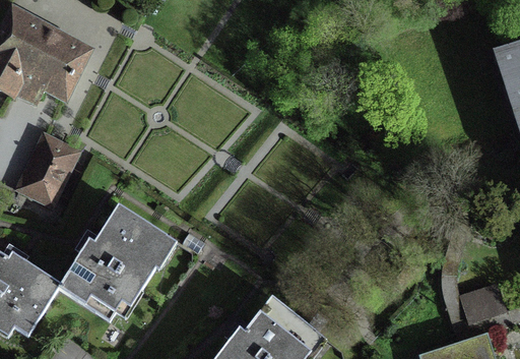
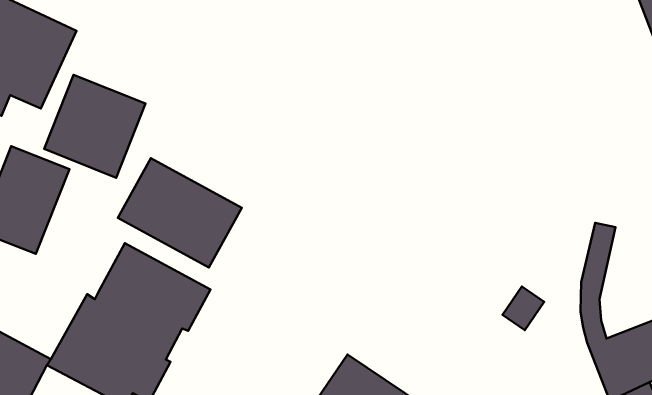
building: none -> [44,75,146,178]
building: none -> [118,158,242,267]

